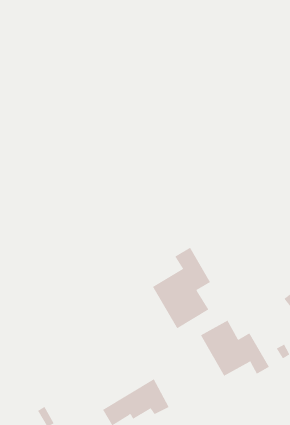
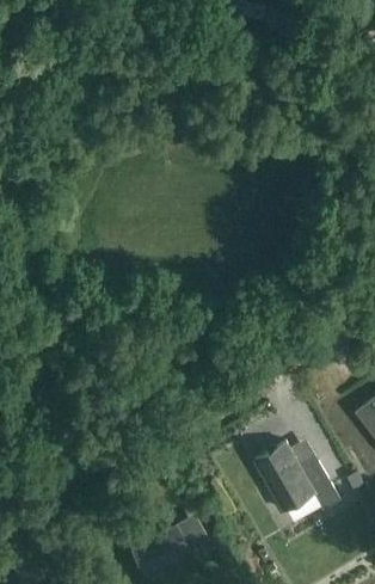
building: [152,247,211,329] -> none

